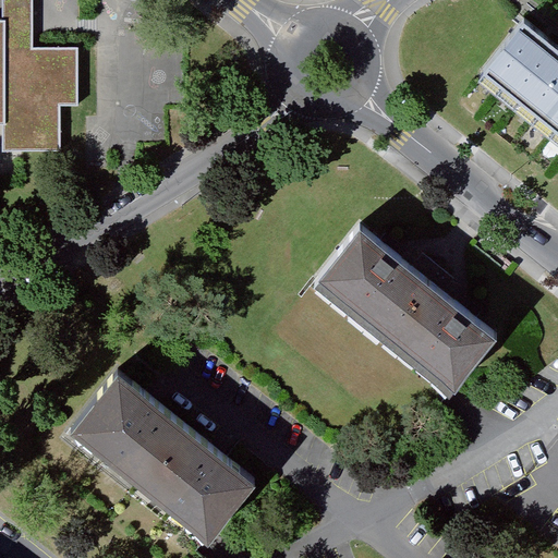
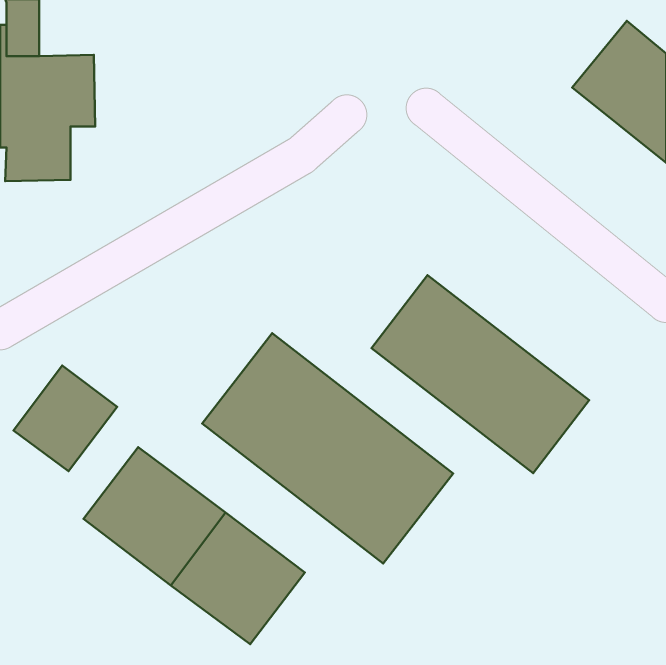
building: none -> [202,333,453,564]
building: none -> [14,366,117,471]

